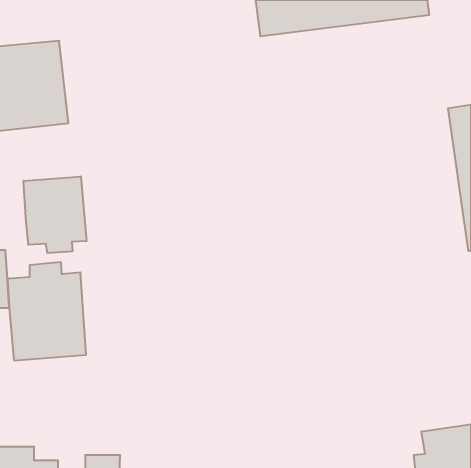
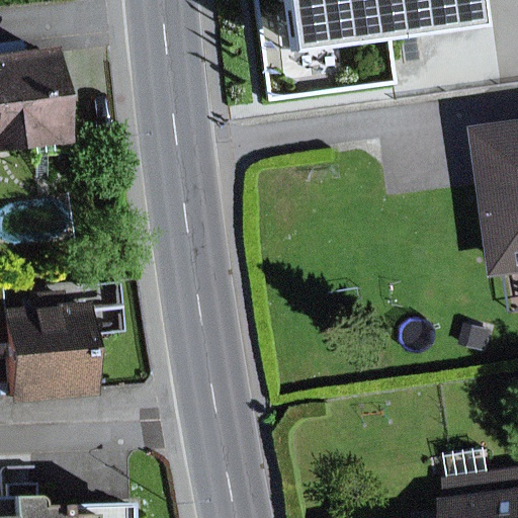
building: [24,176,86,253] -> none

